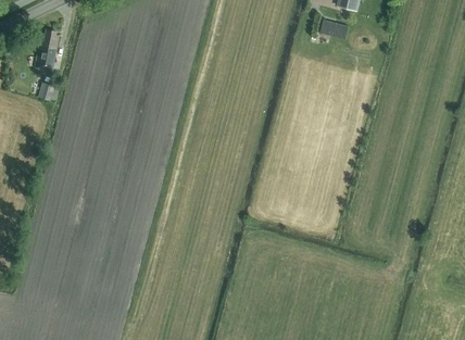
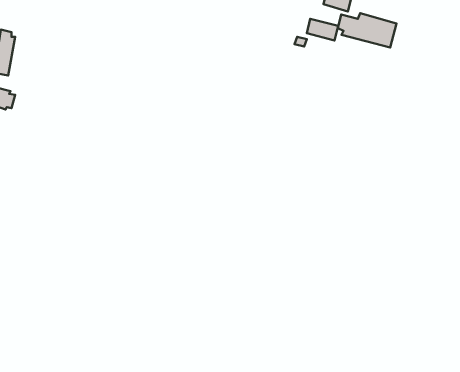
building: none -> [338,13,396,48]

